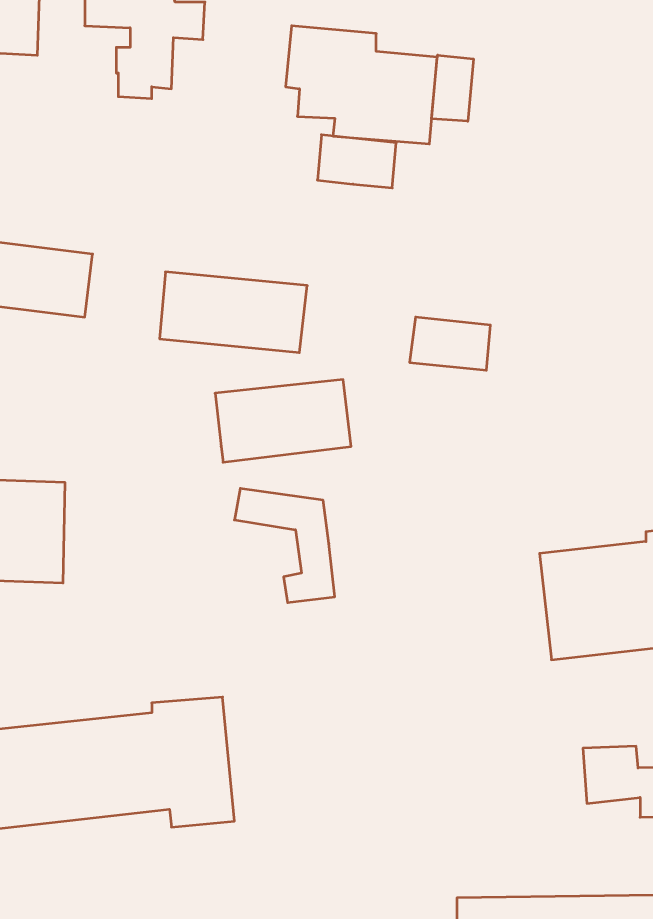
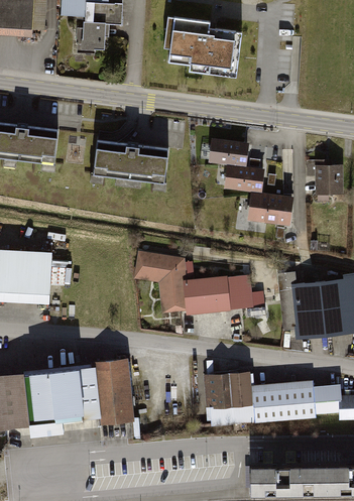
building: [432,55,473,121] -> none
building: [317,135,396,188] -> [210,139,250,166]
building: none -> [315,164,344,195]
building: none -> [250,193,294,225]
building: [215,380,351,462] -> [184,273,253,316]
building: none -> [203,371,317,426]

